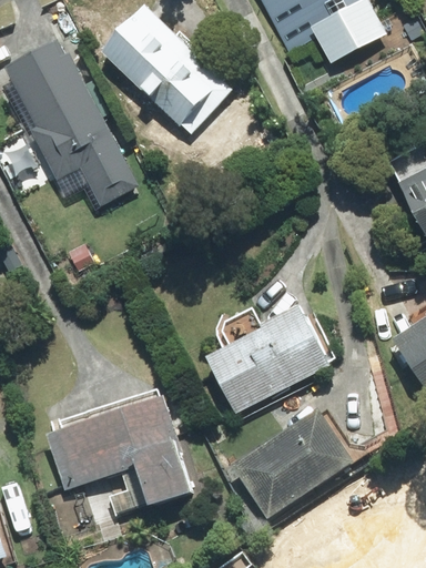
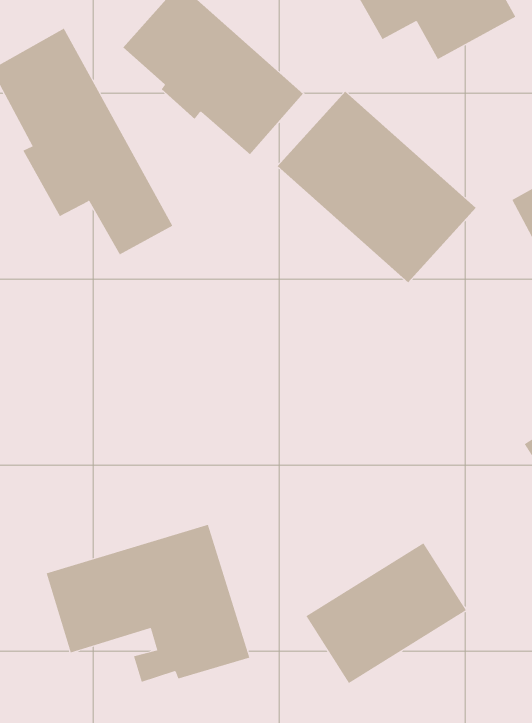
building: none -> [277,91,477,283]
building: [203,304,329,416] -> none

